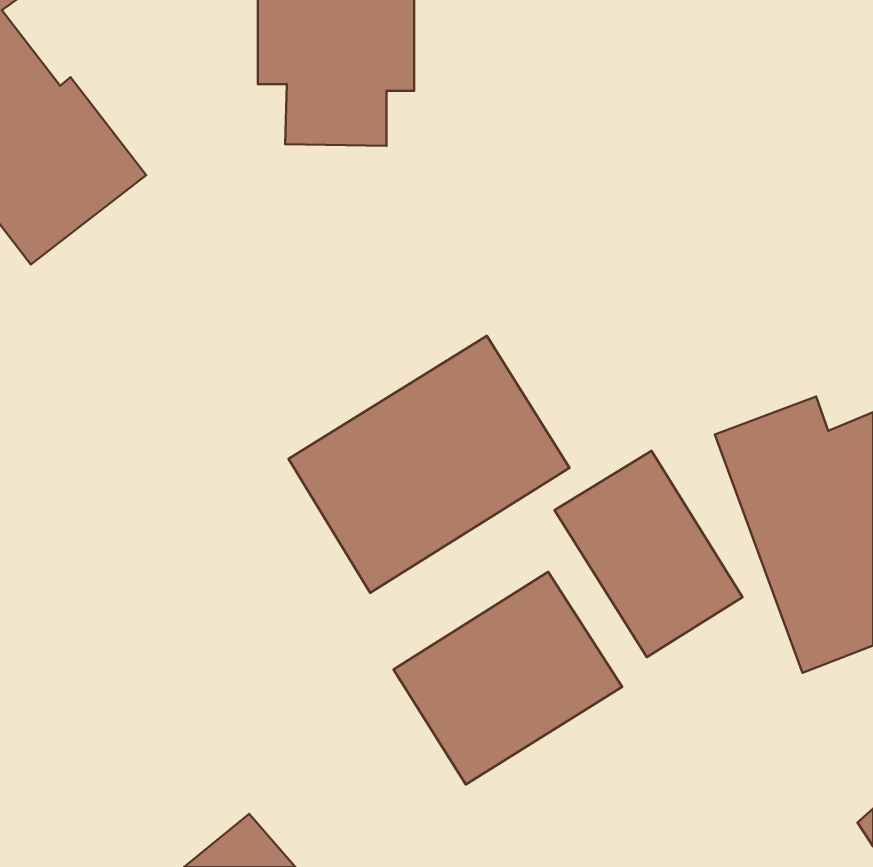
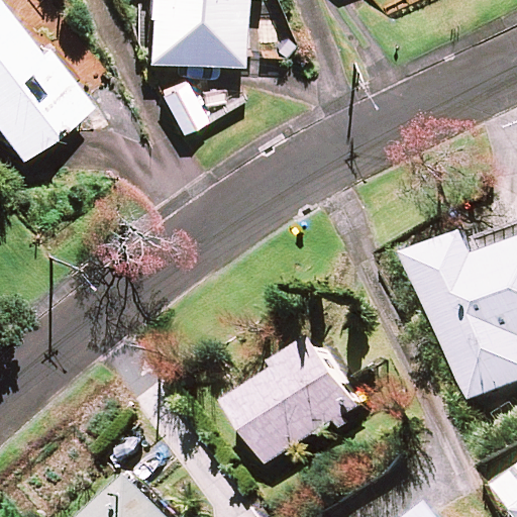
building: [288,336,570,593] -> none
building: [555,451,743,657] -> none

